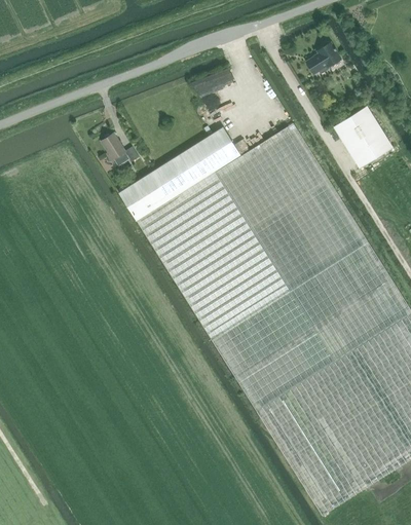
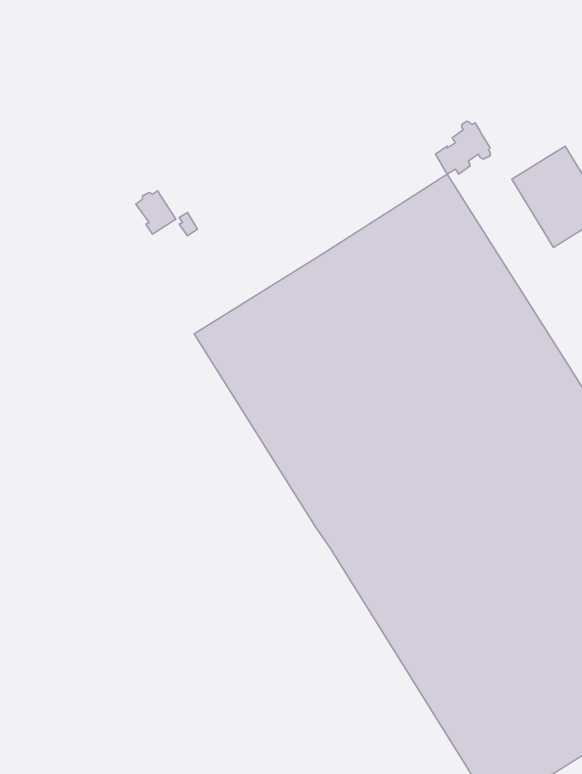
building: [305,41,339,74] -> [435,121,490,174]
building: [118,125,239,220] -> none

